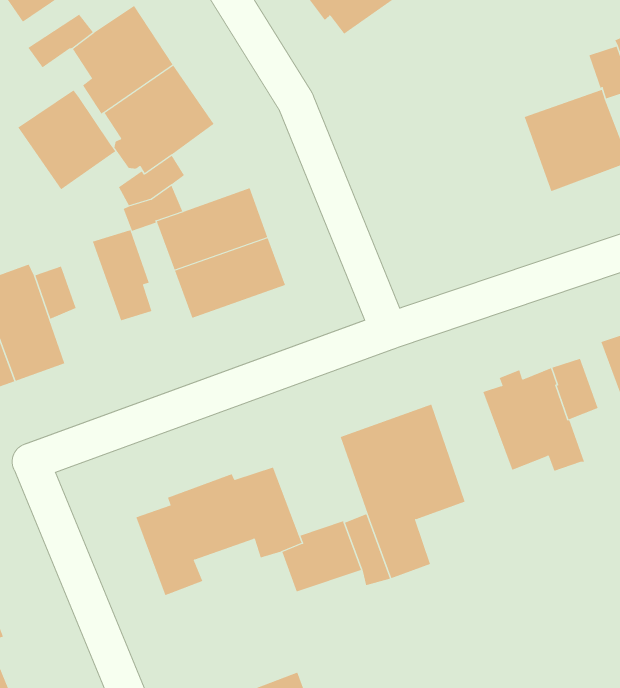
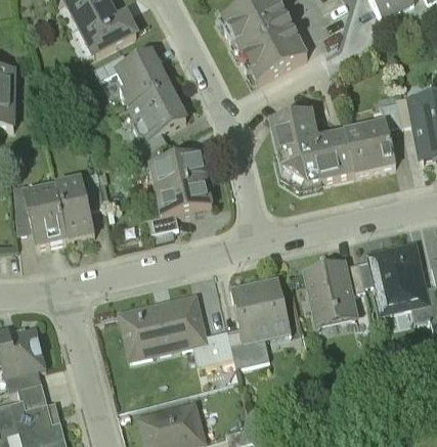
building: none -> [270,111,353,183]
building: [18,90,116,190] -> none
building: [92,229,152,321] -> none

